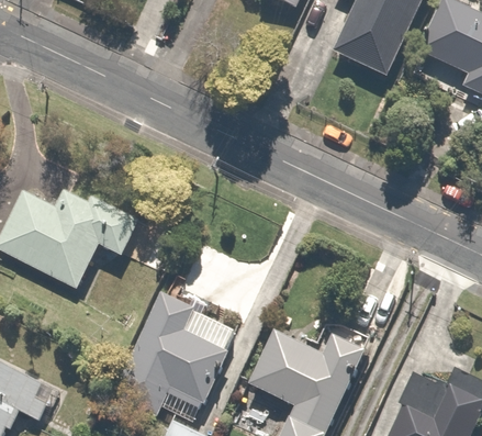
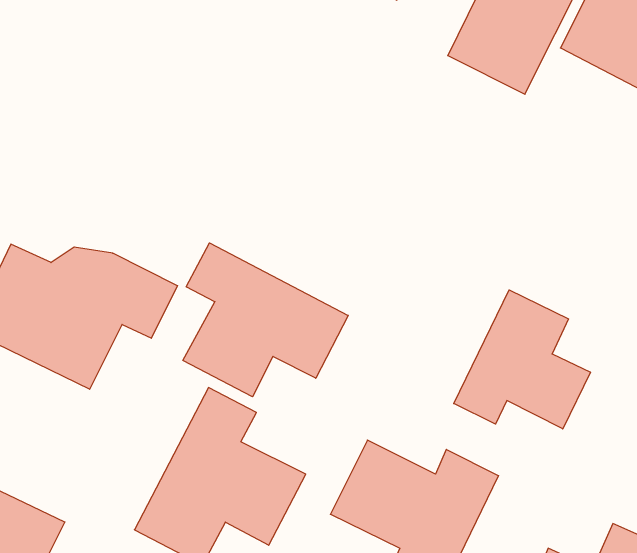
building: none -> [183,243,348,397]
building: none -> [454,290,590,429]

